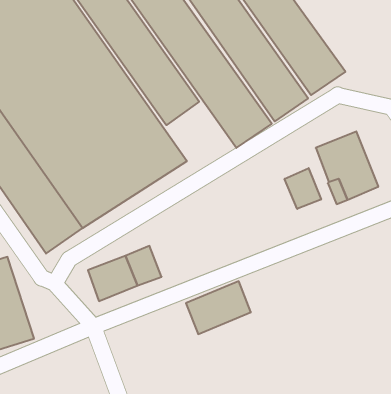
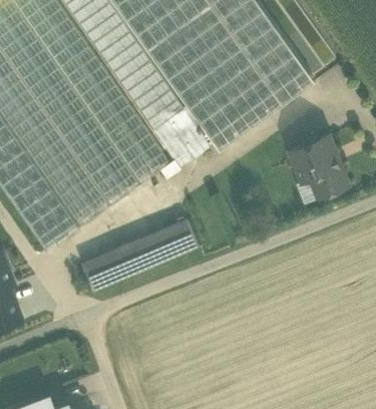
building: none -> [153,108,204,158]
building: [285,168,321,209] -> none
building: [186,281,251,334] -> [137,219,197,267]

